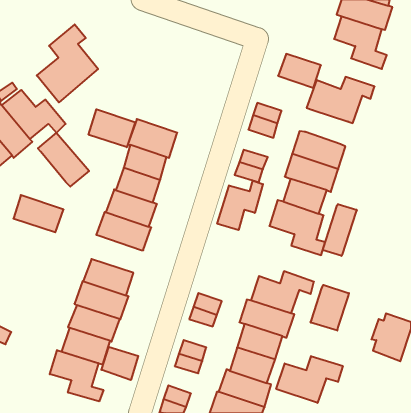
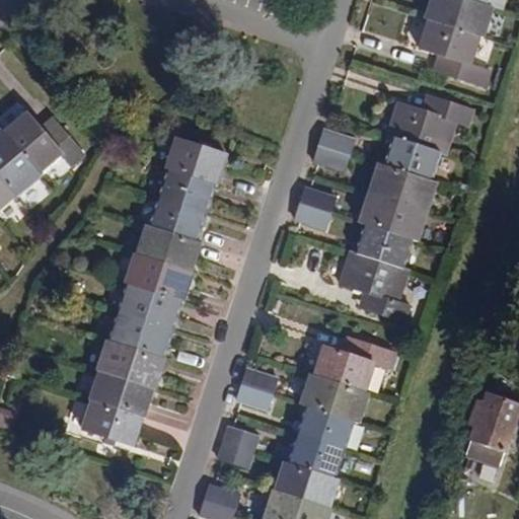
building: [37,24,98,102] -> none
building: [278,54,321,88] -> [382,138,436,180]
building: [89,109,135,147] -> none
building: [38,133,89,187] -> none
building: [217,180,263,230] -> none
building: [13,195,64,232] -> [115,295,177,342]
building: [323,204,357,256] -> none
building: [311,285,349,331] -> none
building: [101,347,138,380] -> none
building: [50,350,103,401] -> none
building: [276,356,343,403] -> none

